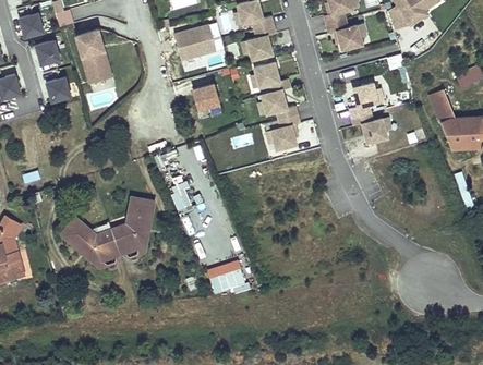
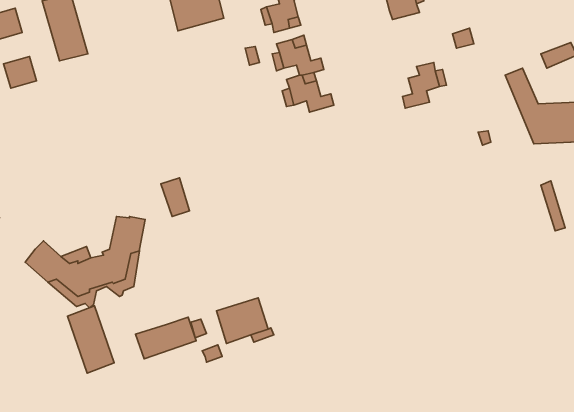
building: [192,85,219,111] -> none
building: [352,113,388,141] -> none
building: [271,115,300,151] -> none
building: none -> [68,306,114,373]
building: none -> [136,317,196,359]

